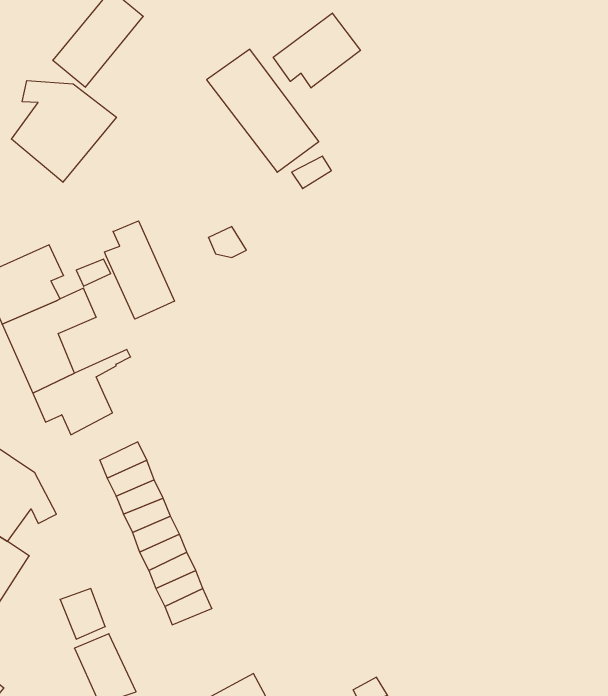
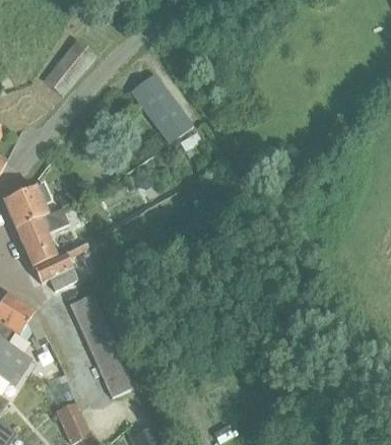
building: [273,13,360,88] -> none
building: [11,81,116,182] -> none
building: [104,221,174,319] -> none

